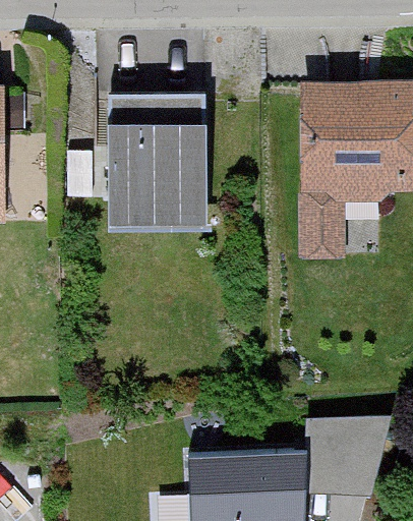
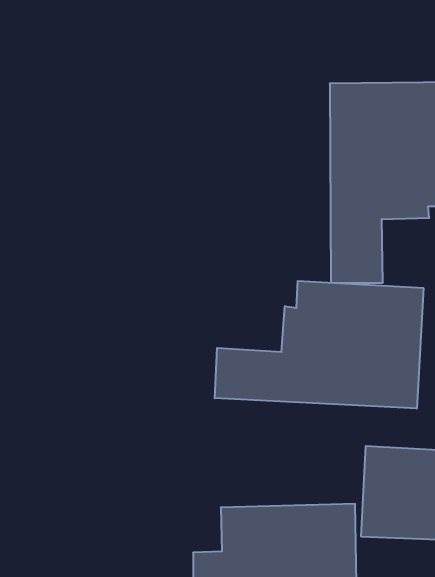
building: [95,92,216,231] -> none
building: none -> [215,281,423,409]

